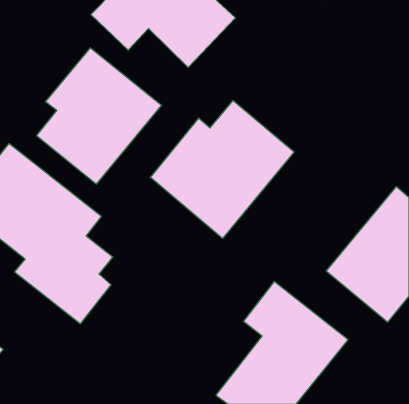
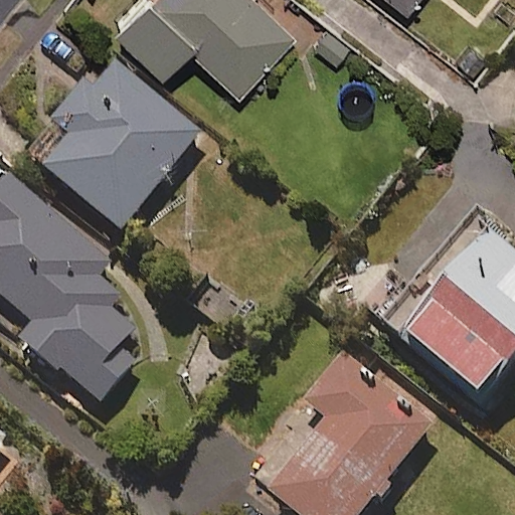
building: [150,101,294,238] -> none

